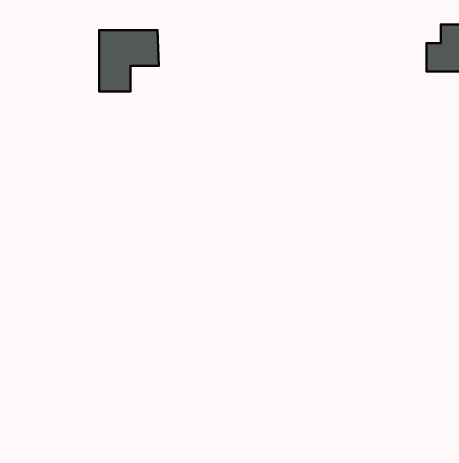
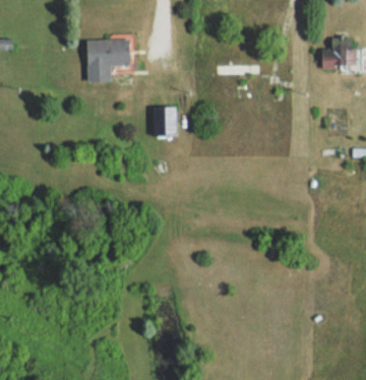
building: none -> [155,107,177,137]

